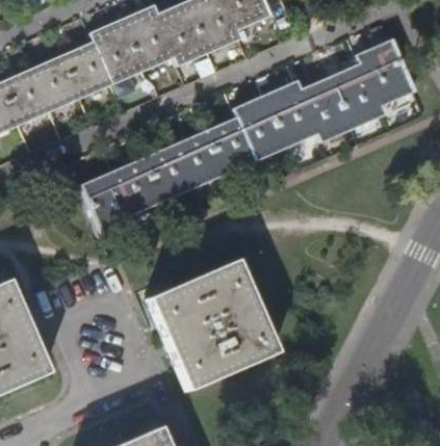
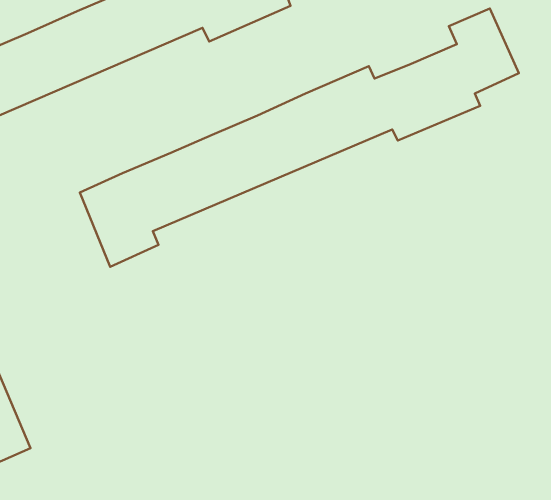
building: [152,262,278,389] -> none

